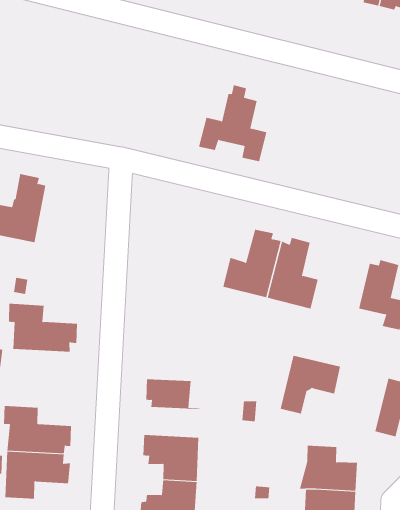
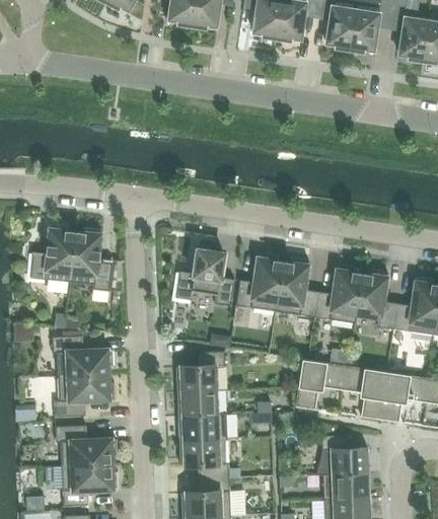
building: [198,85,267,162] -> [175,241,234,306]
building: none -> [69,228,123,293]
building: none -> [314,265,361,323]
building: none -> [176,352,224,392]
building: none -> [54,375,115,418]
building: none -> [342,366,386,420]
building: none -> [178,415,227,441]

